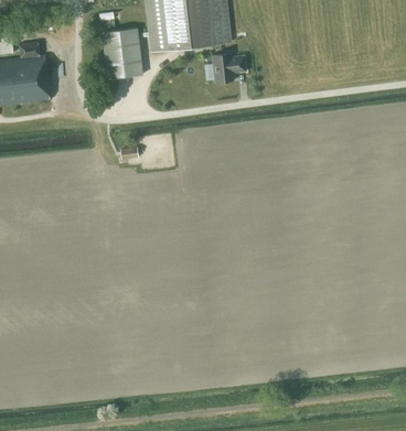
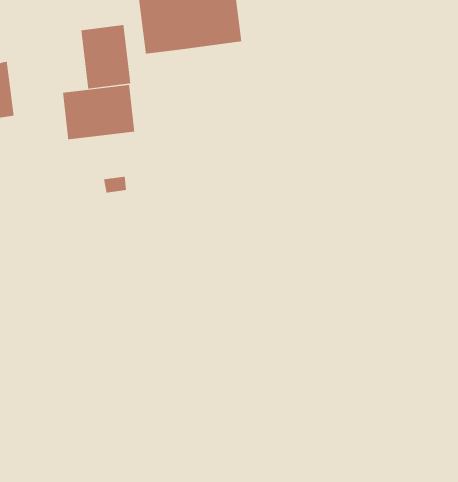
building: [214,52,248,83] -> none
building: none -> [62,84,135,140]

